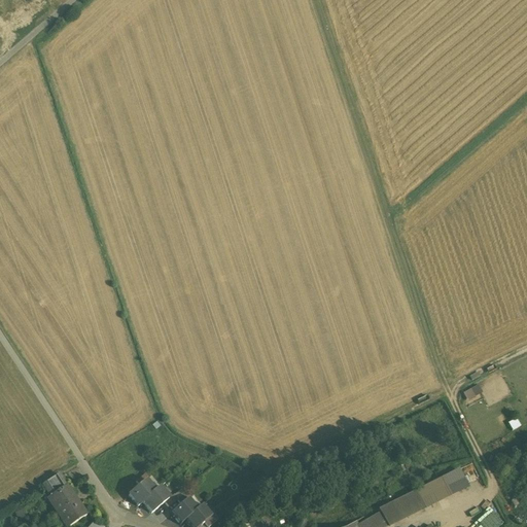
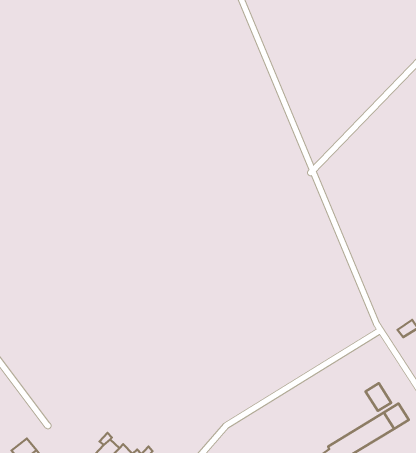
building: none -> [366,383,391,411]

